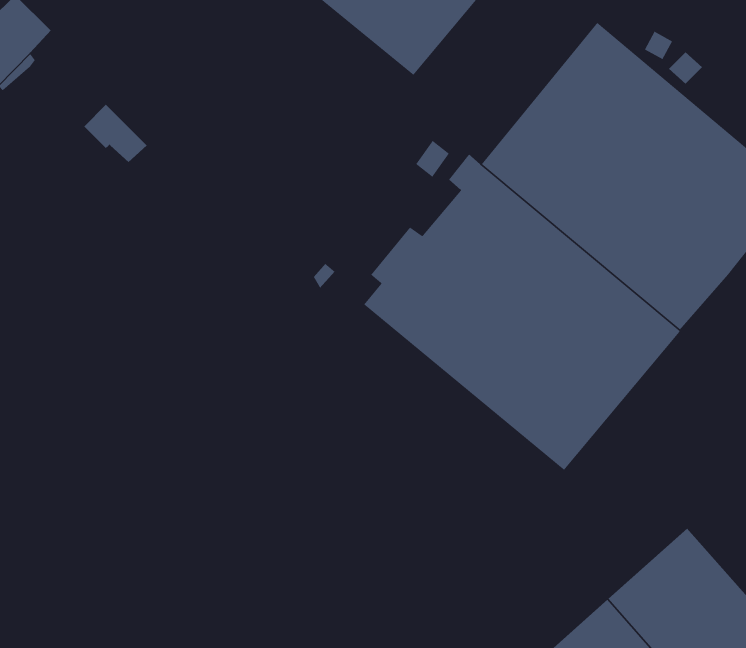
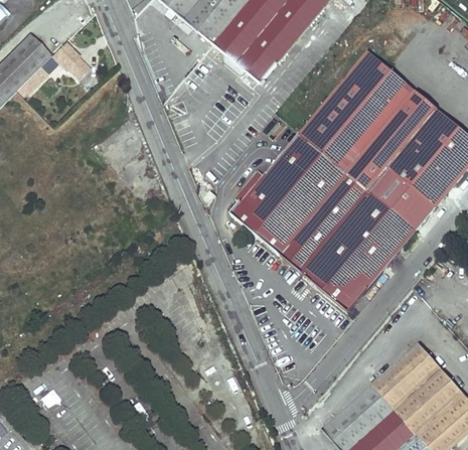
building: [83,104,147,163] -> [51,44,89,79]

